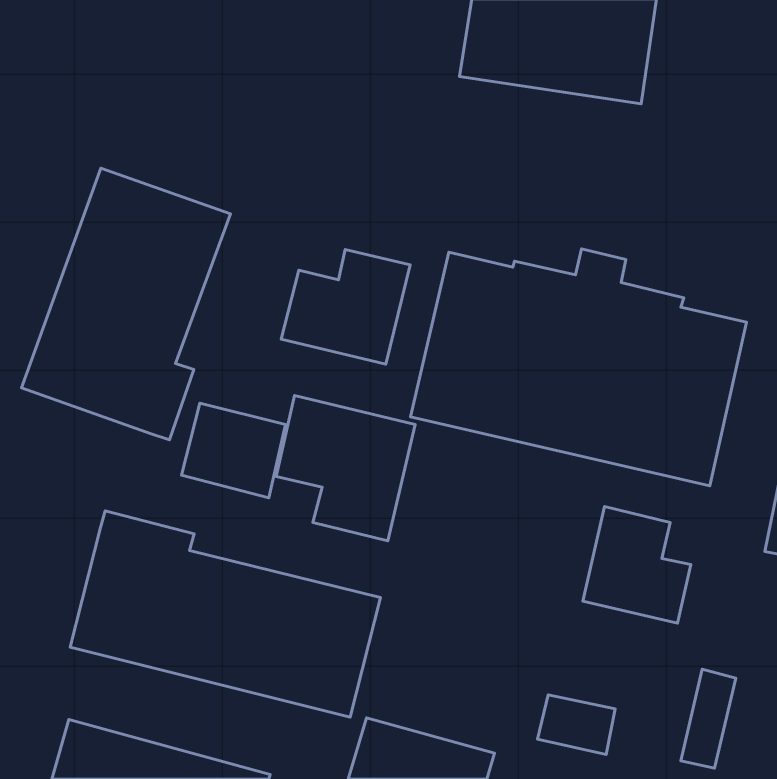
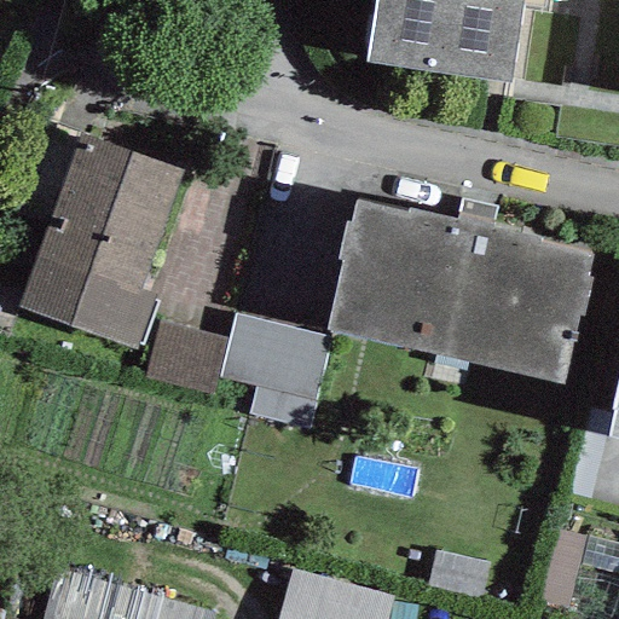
building: [281,250,410,364] -> none
building: [583,507,691,623] -> none
building: [70,511,381,717] -> none

